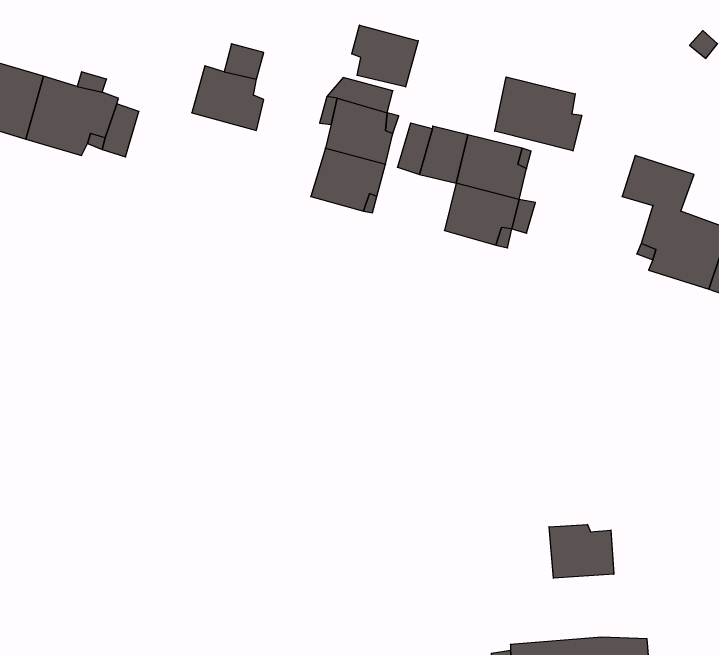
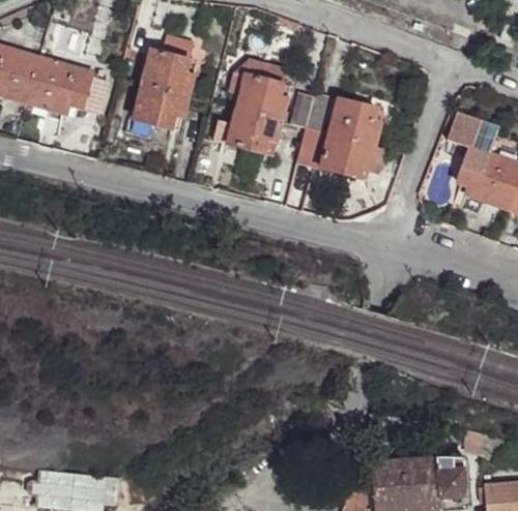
building: [352,25,418,87] -> none
building: [495,77,582,151] -> none
building: none -> [134,85,189,128]
building: none -> [294,128,329,168]
building: [549,524,614,578] -> none

